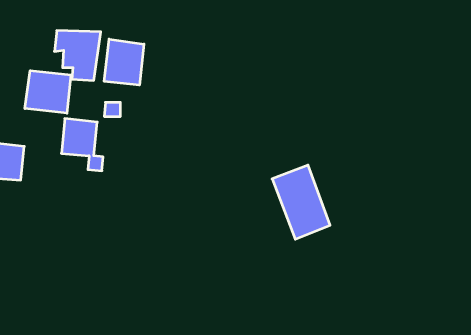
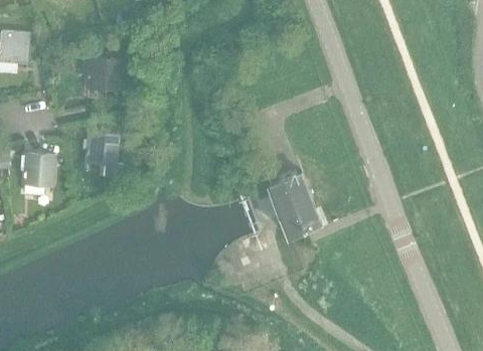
building: [104,39,144,85] -> none
building: [25,71,71,113] -> none

